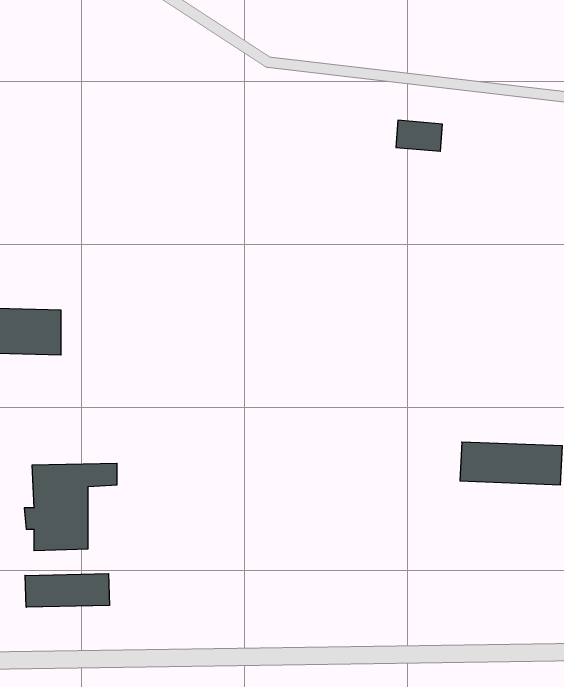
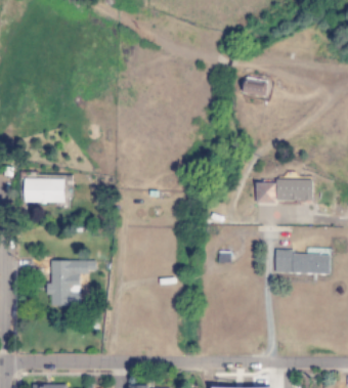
building: none -> [261,175,319,200]
building: [25,574,109,607] -> none

